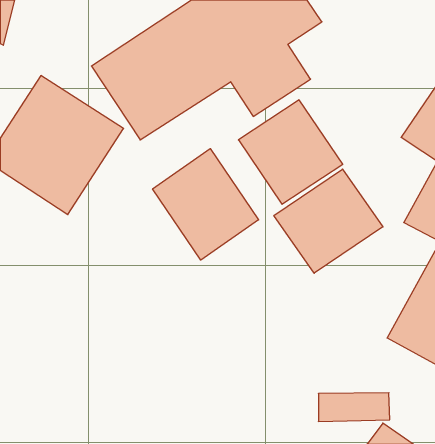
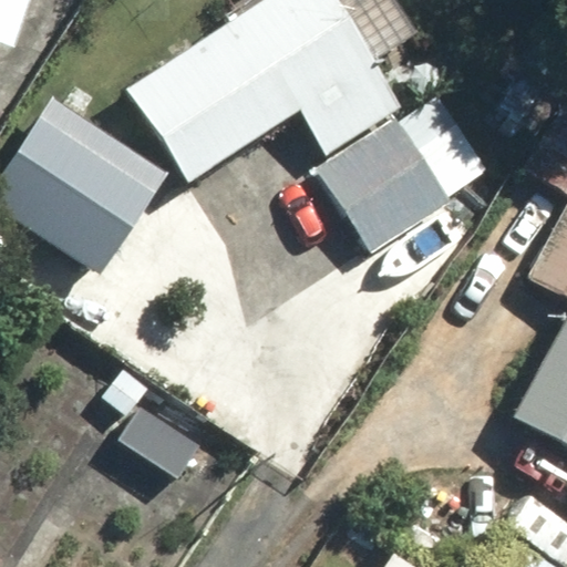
building: [153,149,259,260] -> none
building: [274,169,383,273] -> none

